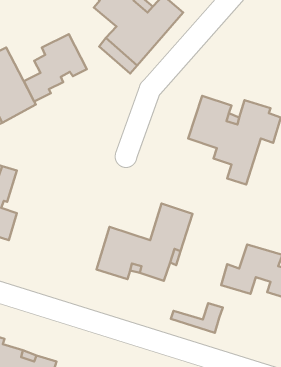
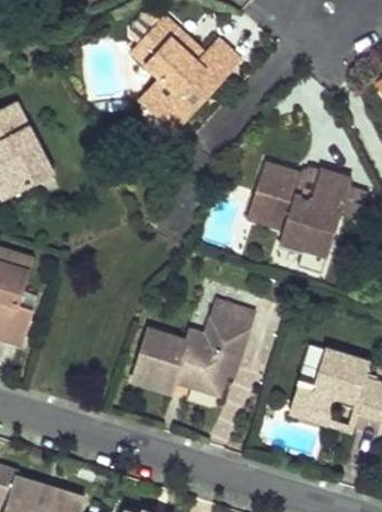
building: [24,34,87,101] -> none
building: [171,303,223,333] -> [287,391,352,428]

